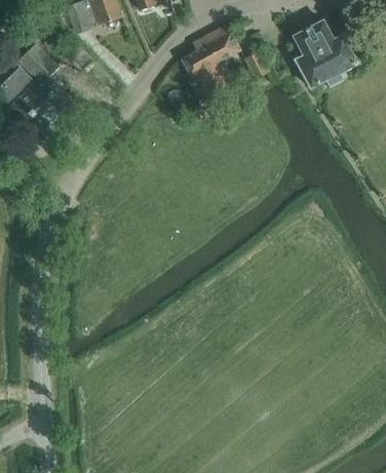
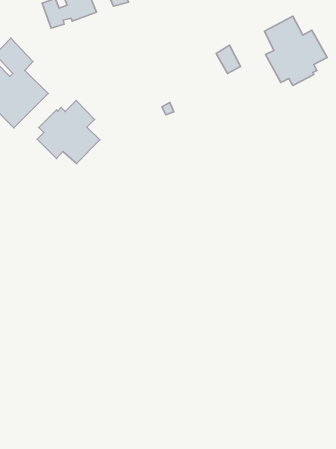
building: [181,23,239,98] -> none
building: none -> [37,101,100,164]

